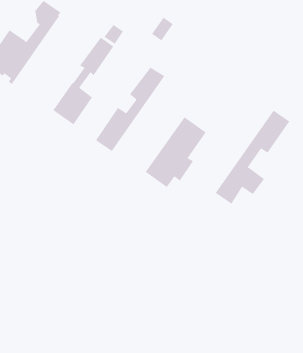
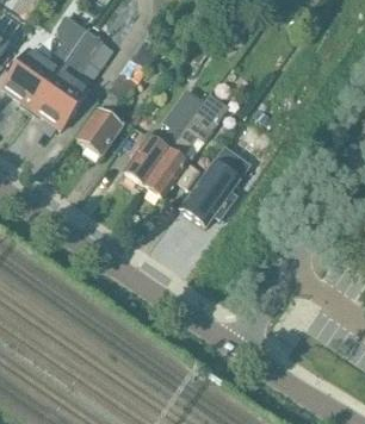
building: none -> [32,27,104,126]
building: [215,110,290,205] -> [144,91,229,197]

